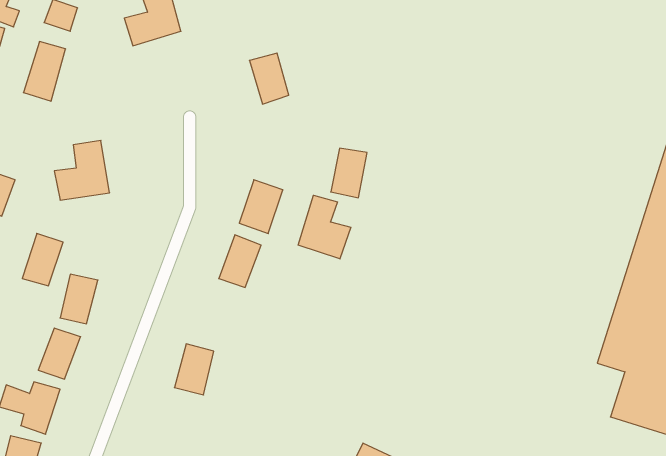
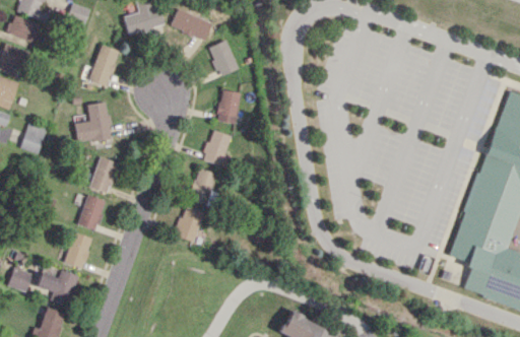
building: none -> [171,8,212,41]
building: [23,42,66,101] -> [89,45,119,86]
building: [331,148,367,198] -> [217,89,243,124]
building: [298,195,351,259] -> none
building: [22,233,63,286] -> [89,156,118,193]
building: [174,344,214,395] -> [176,206,203,242]

